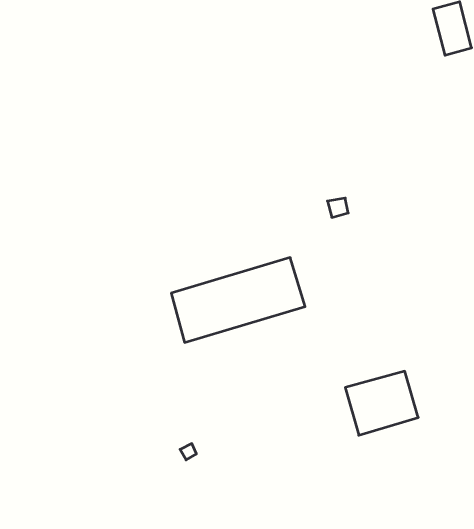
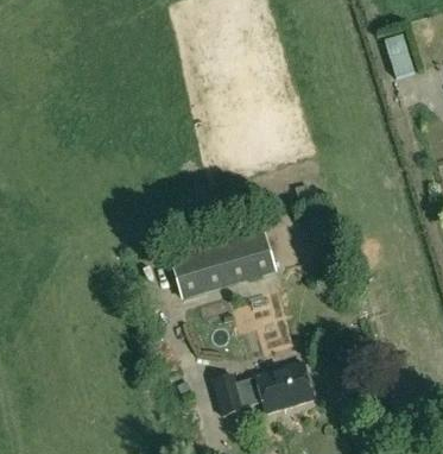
building: [345,371,418,435] -> [257,360,315,411]
building: none -> [215,373,245,412]

